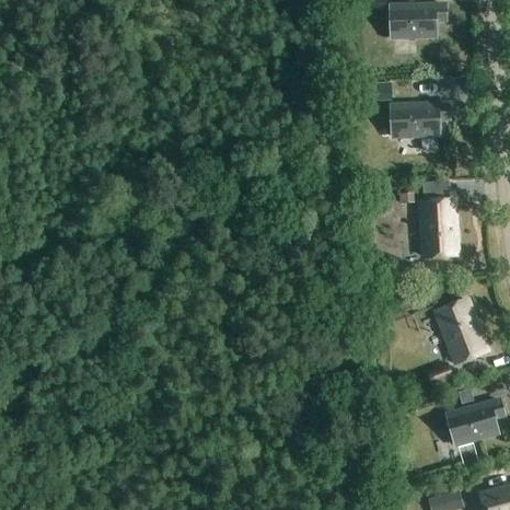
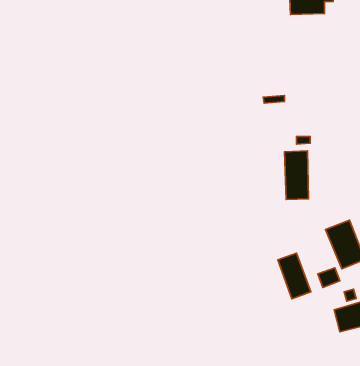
building: [390,102,448,135] -> none
building: [419,199,455,255] -> none
building: none -> [278,253,311,299]

